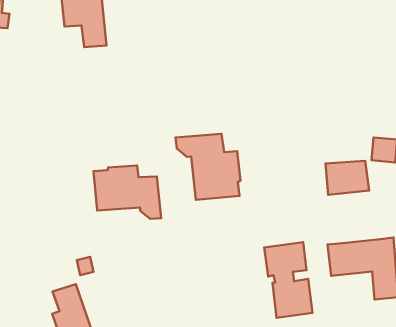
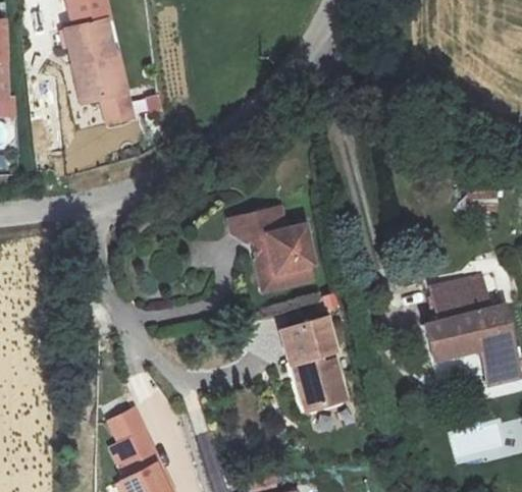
building: [325,161,369,195] -> [432,275,488,321]
building: [94,165,161,219] -> none
building: [264,242,312,318] -> [280,319,348,413]

